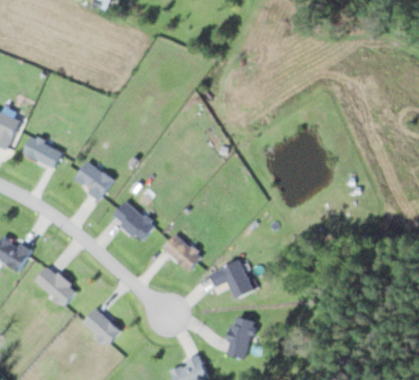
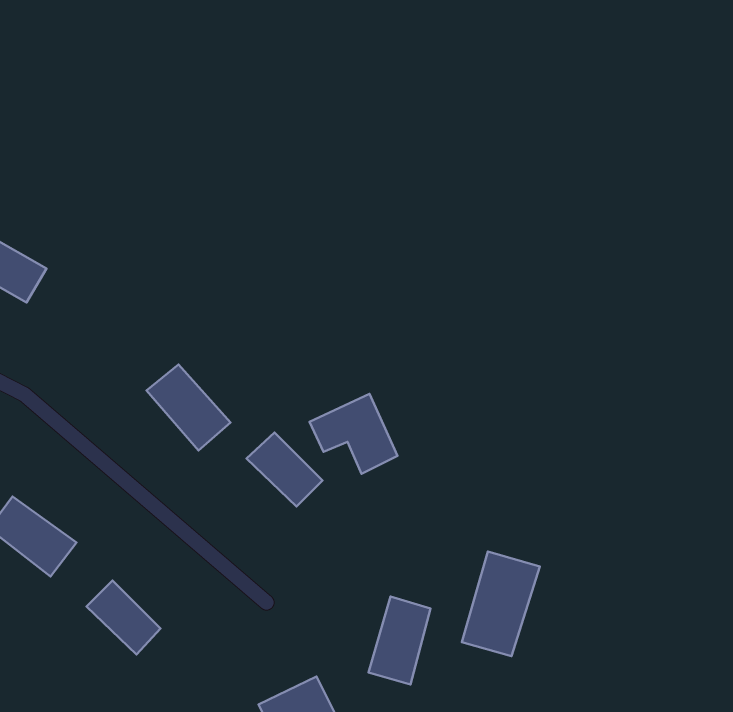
building: [72,161,113,200] -> none
building: [208,260,252,300] -> [309,394,397,474]
building: none -> [462,551,540,656]

